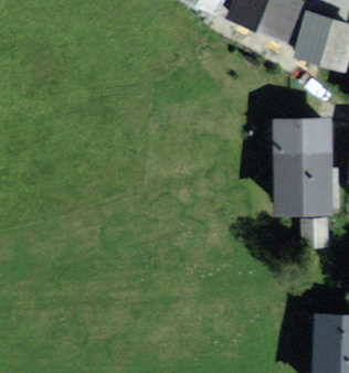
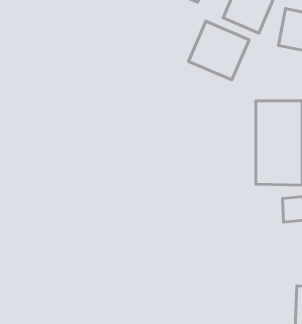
building: none -> [188,21,249,80]

